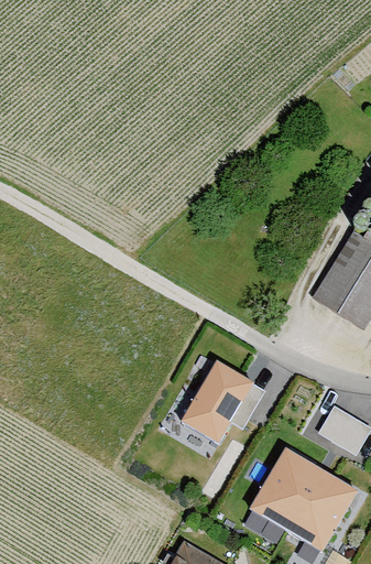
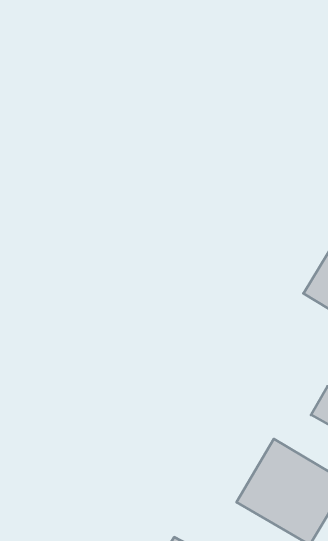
building: [179,359,254,445] -> none

